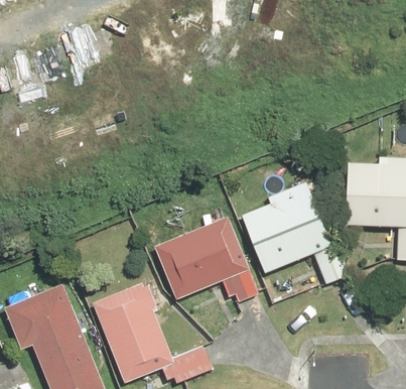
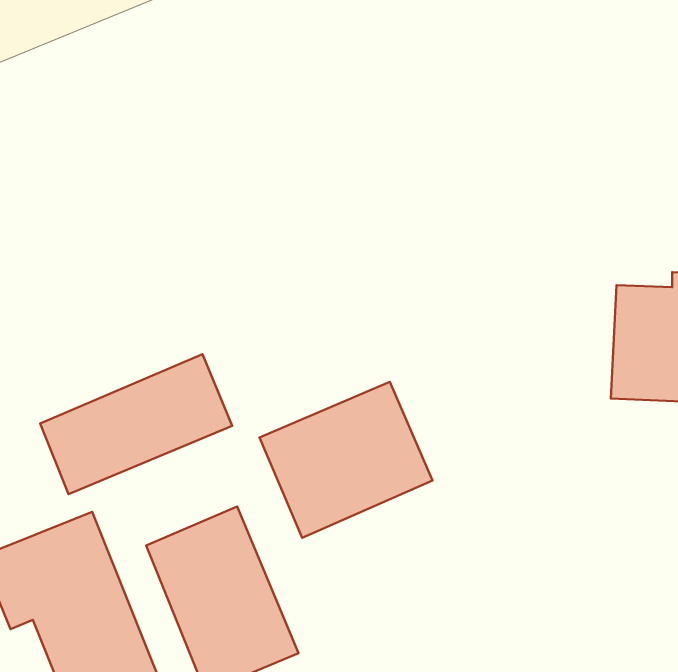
building: [243,183,331,273] -> none
building: none -> [40,354,232,494]

